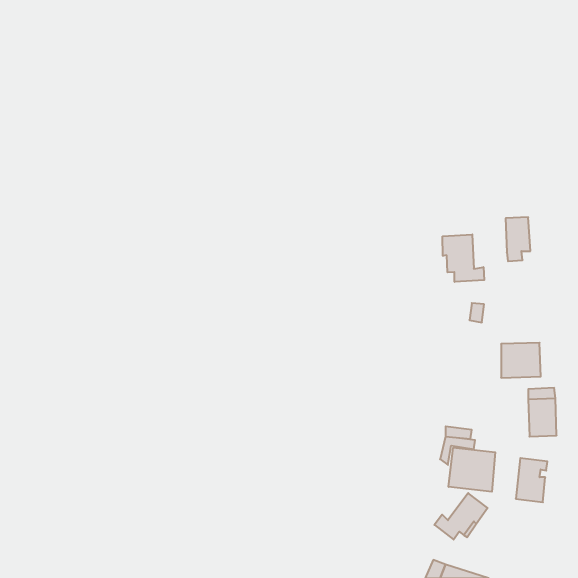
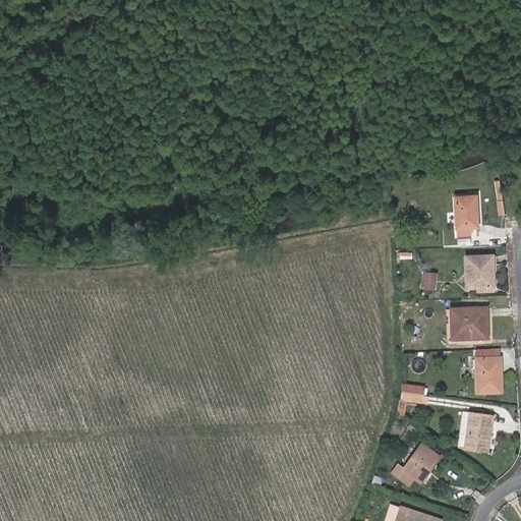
building: [443,234,484,282] -> none
building: none -> [465,255,494,289]
building: [449,448,495,492] -> none

